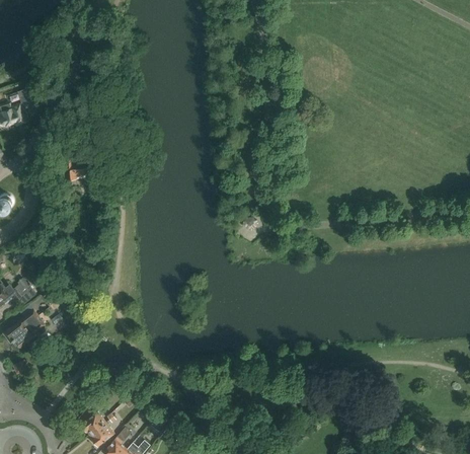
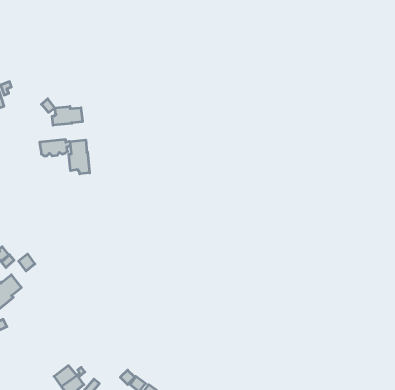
building: none -> [52,106,82,125]
building: none -> [69,140,90,174]

